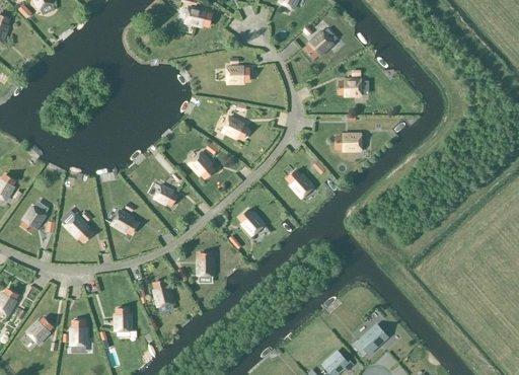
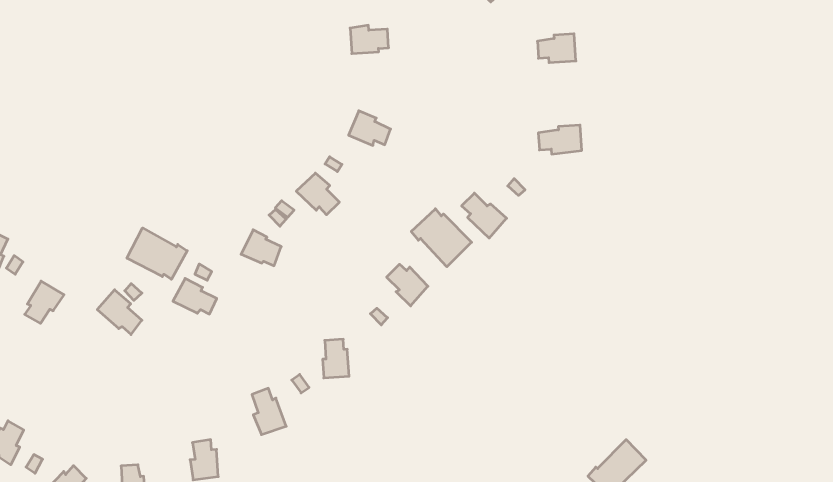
building: none -> [127,228,187,279]
building: none -> [411,209,472,267]

